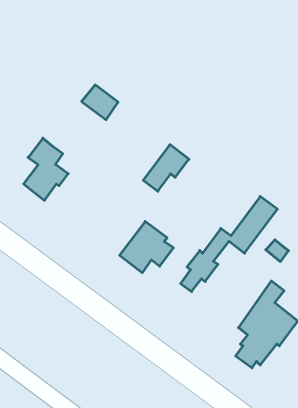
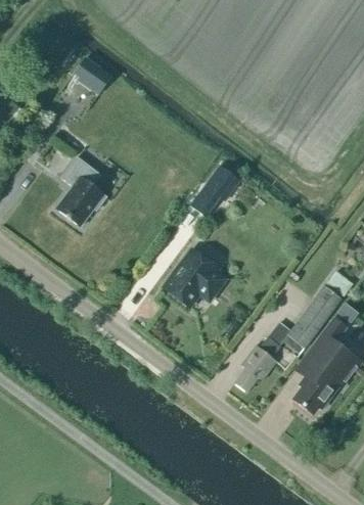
building: [82,85,118,120] -> [71,57,111,96]
building: [181,196,277,292] -> [233,285,342,392]

